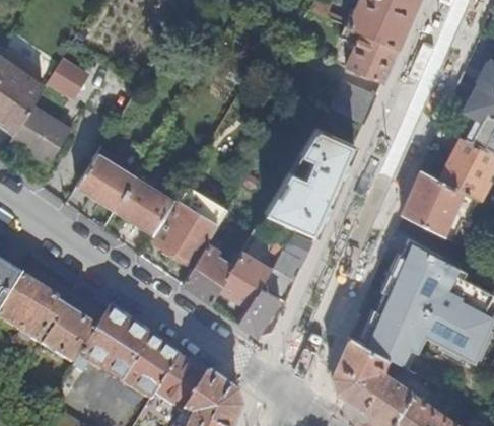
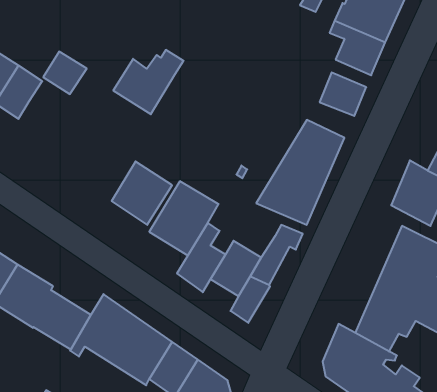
building: [12,109,70,165] -> none
building: [78,145,150,211] -> [113,50,184,114]

